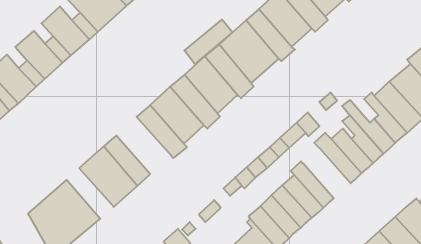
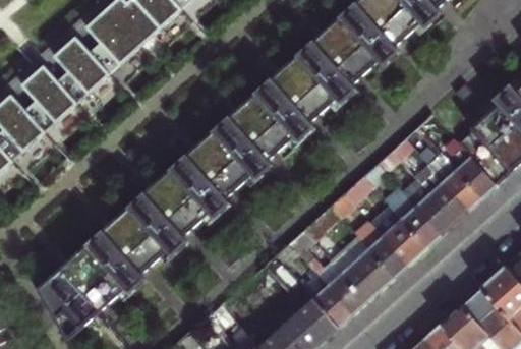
building: [184,20,233,64] -> none
building: none -> [142,169,209,238]
building: none -> [368,208,425,268]
building: none -> [82,231,142,296]

